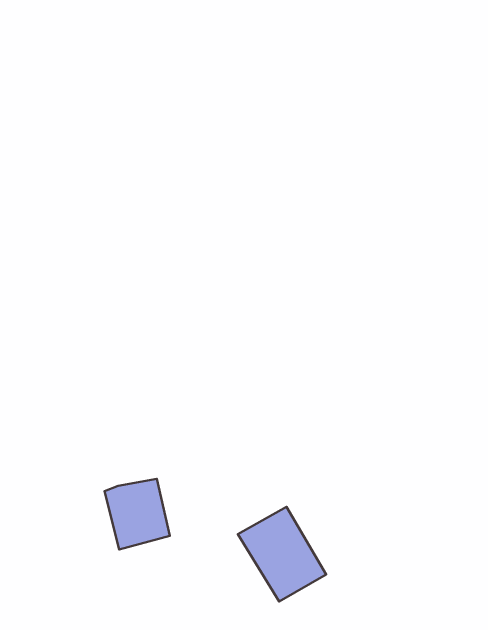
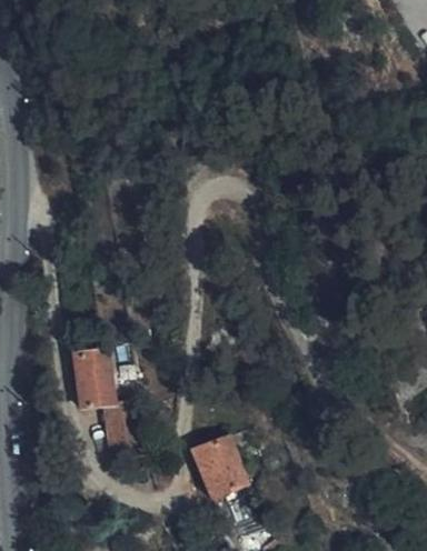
building: none -> [78,350,112,405]

